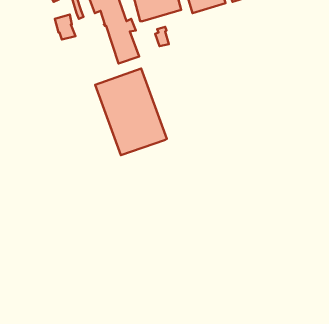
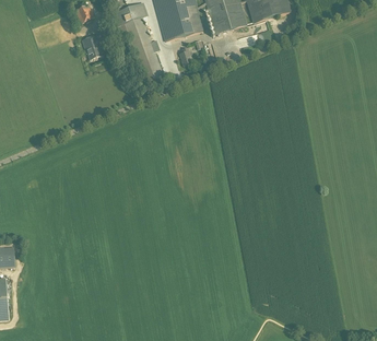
building: [95,68,167,155] -> none

